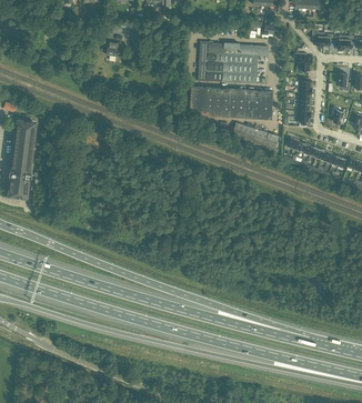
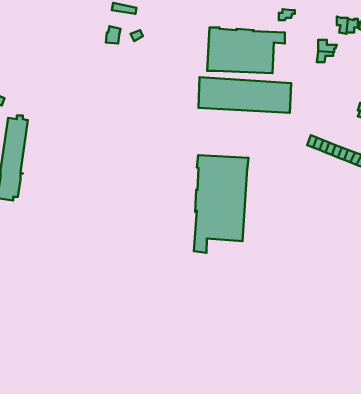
building: none -> [194,155,248,253]

